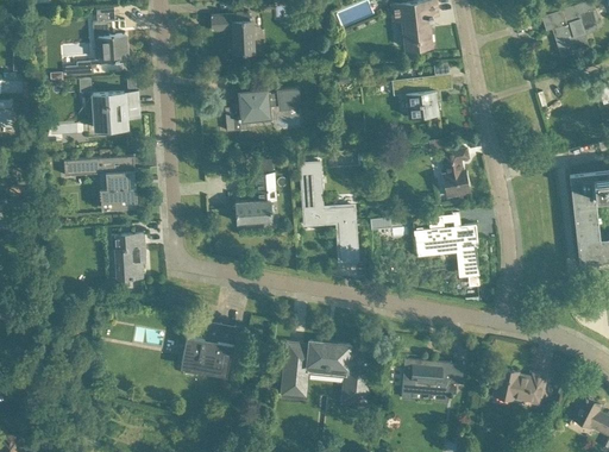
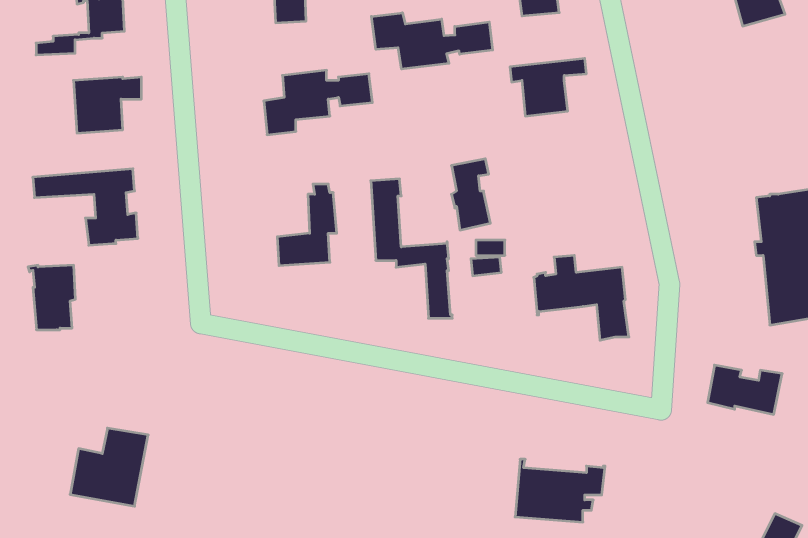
building: none -> [371,13,493,69]
building: [441,149,469,199] -> [451,159,490,230]
building: [111,234,144,280] -> [28,265,75,330]
building: [181,322,236,377] -> [70,428,148,506]
building: [282,341,371,403] -> none
building: [494,370,546,404] -> [708,365,782,414]

